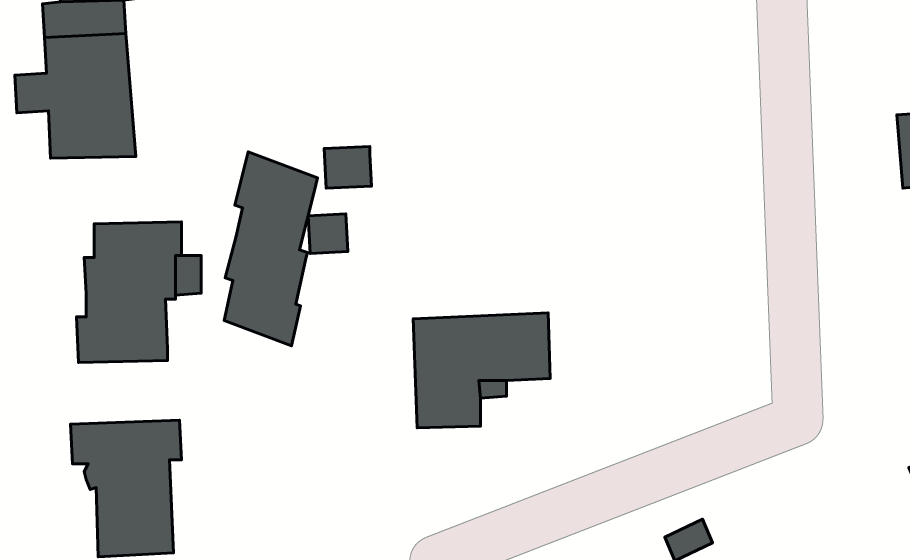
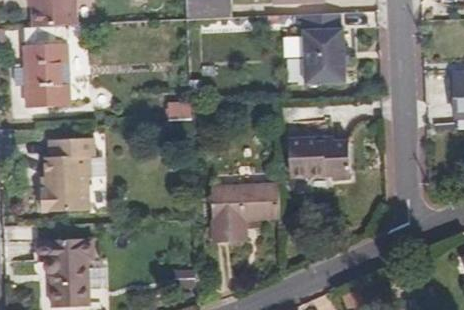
building: none -> [305,31,350,89]
building: [224,152,317,346] -> none
building: none -> [288,137,348,176]

